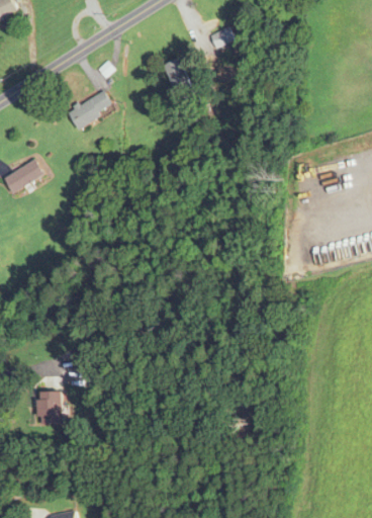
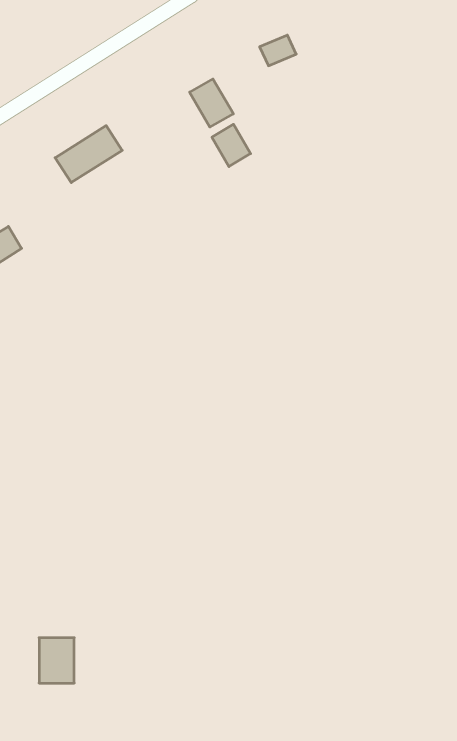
building: none -> [212,124,251,167]
building: [37,392,62,423] -> [39,638,74,683]

